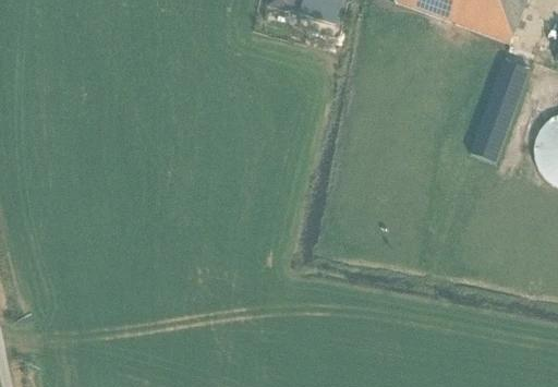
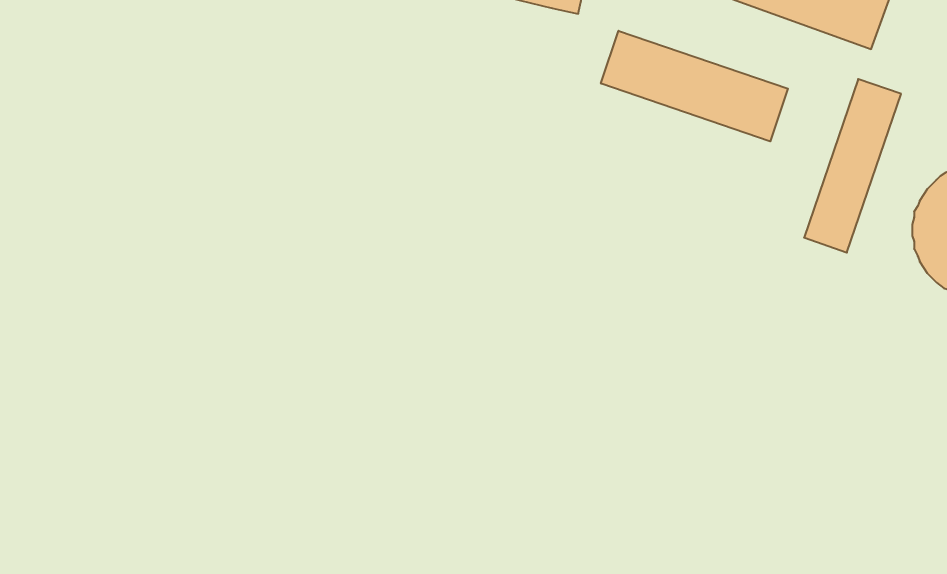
building: none -> [601,31,788,141]

